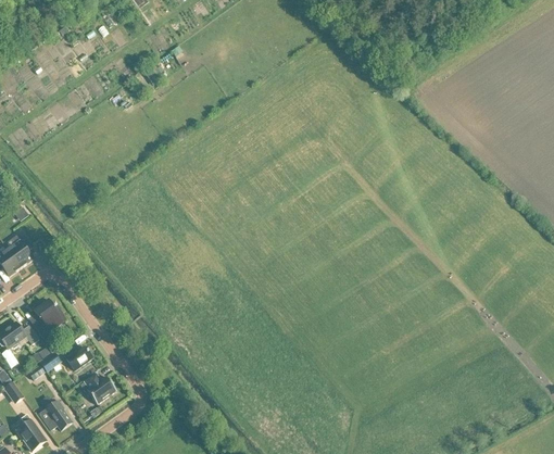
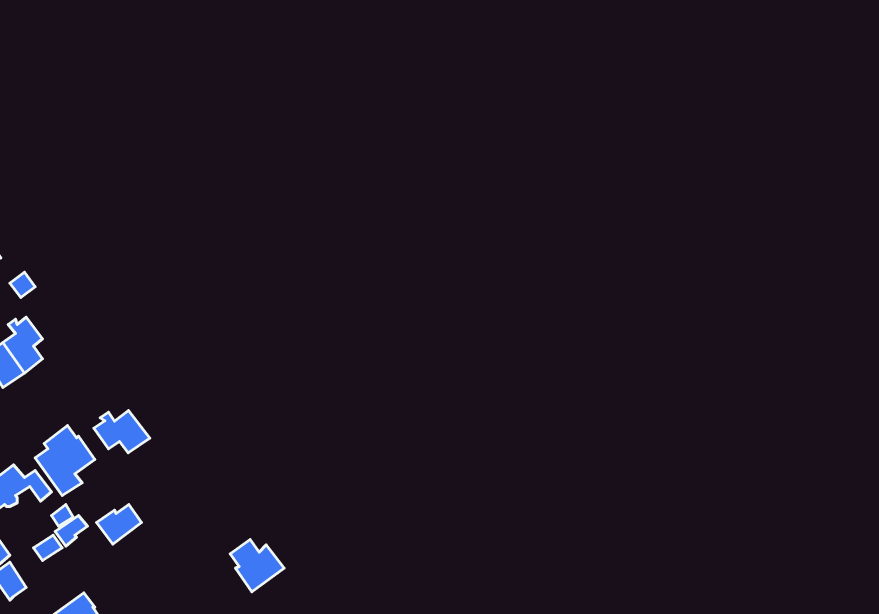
building: none -> [94,411,150,453]
building: [83,371,115,403] -> [230,539,284,592]

